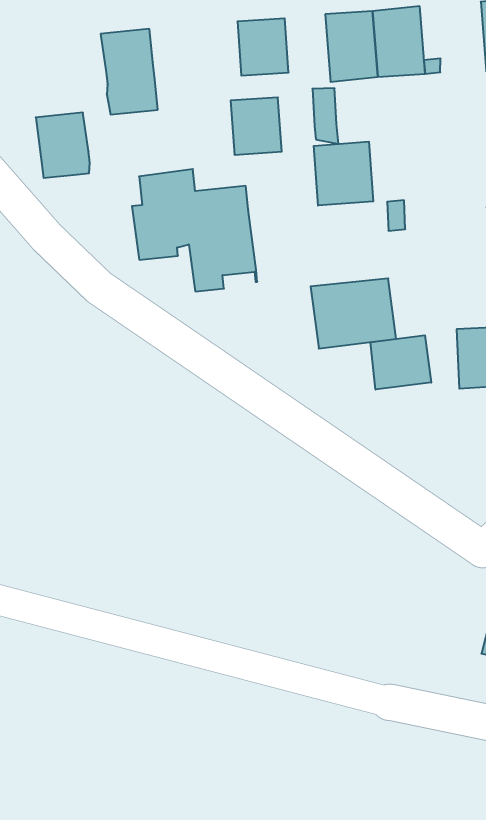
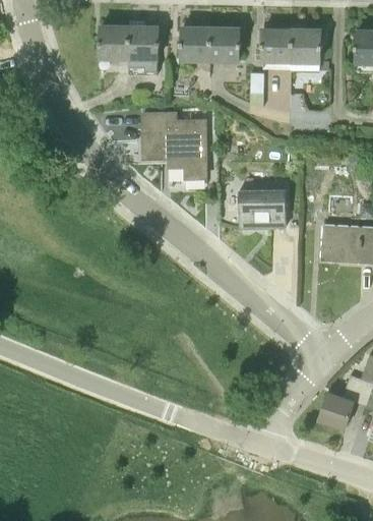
building: [231,97,282,155] -> [181,26,210,60]
building: [36,113,90,178] -> [100,26,129,63]
building: [314,142,373,206] -> none
building: [371,335,431,390] -> none

